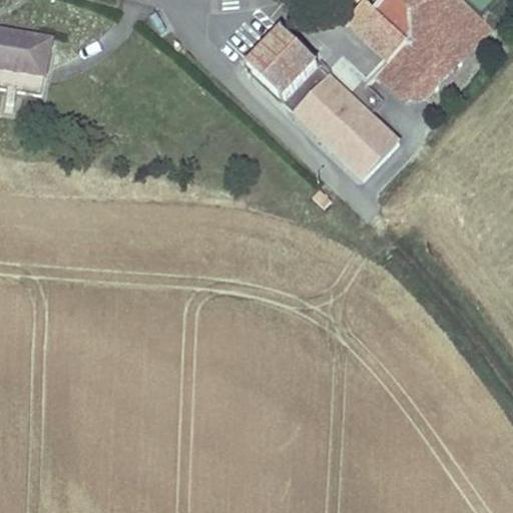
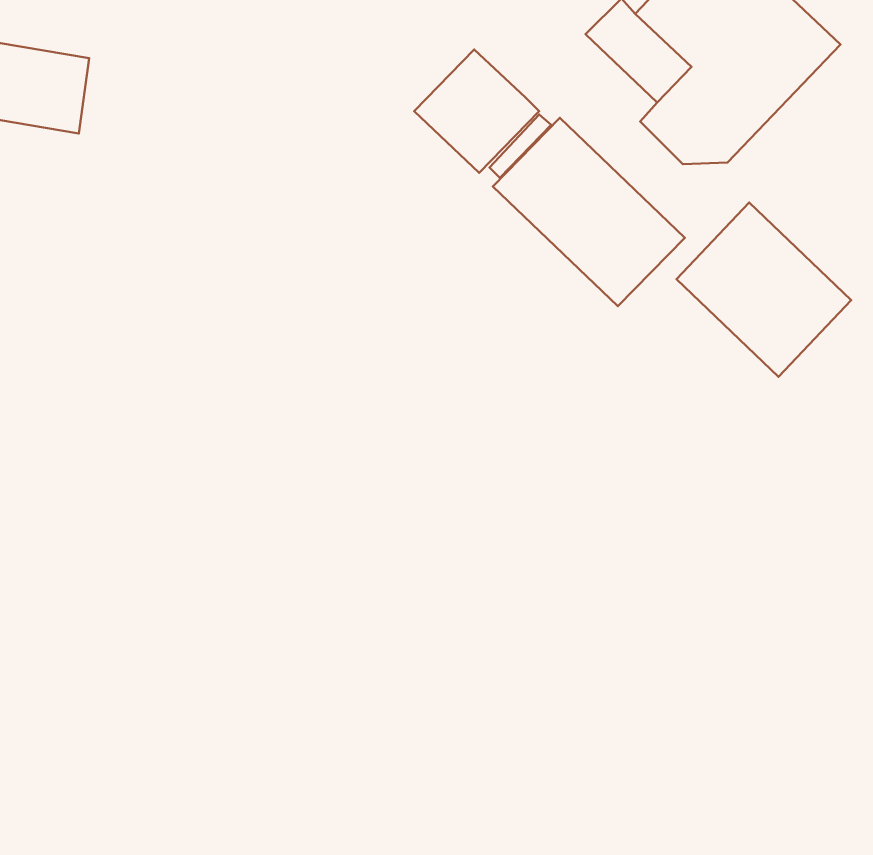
building: none -> [677,202,851,377]

